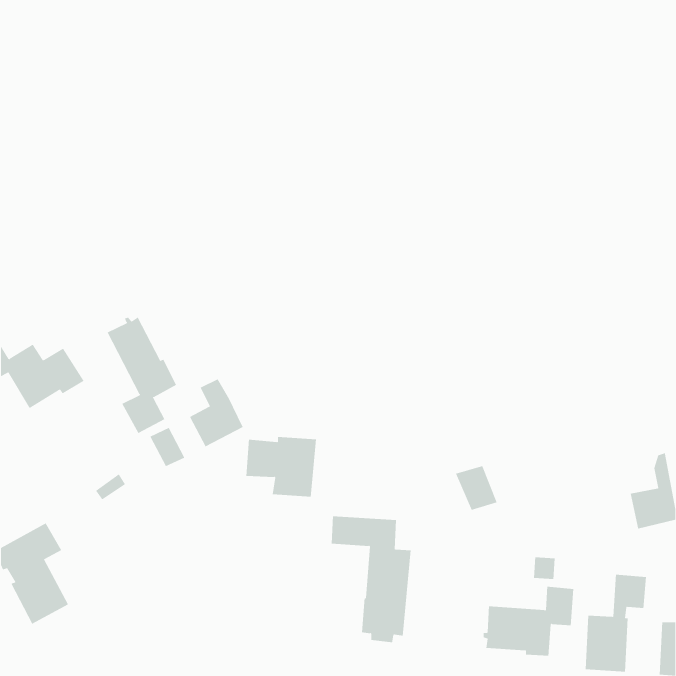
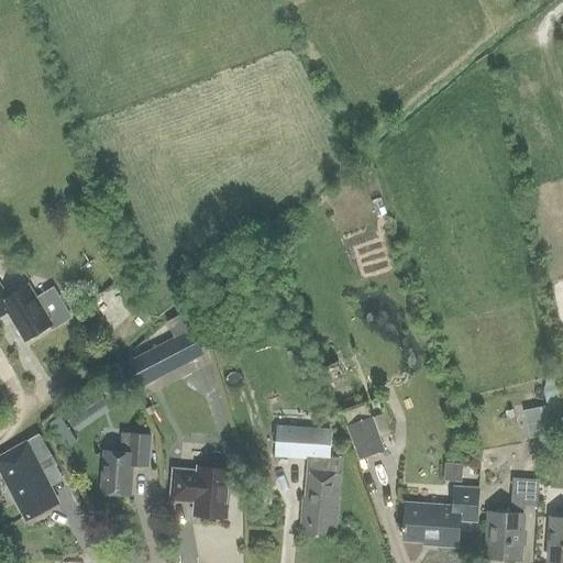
building: [107,316,177,434] -> none
building: [245,436,317,497] -> [173,466,232,517]
building: [455,466,498,511] -> [347,419,383,456]
building: none -> [101,430,151,493]

